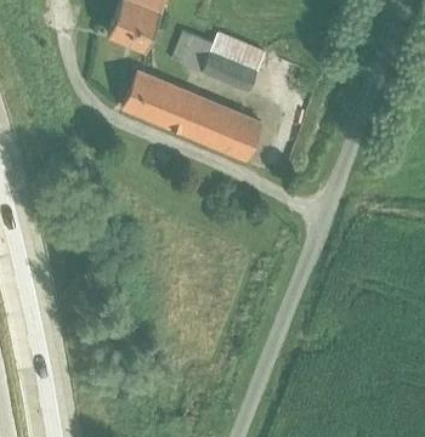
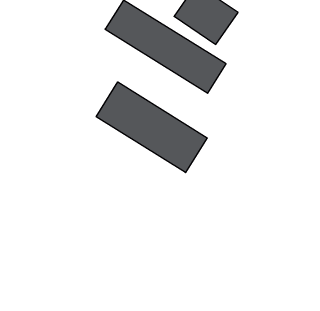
building: none -> [96,82,207,173]

